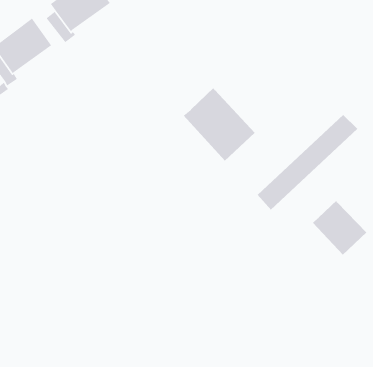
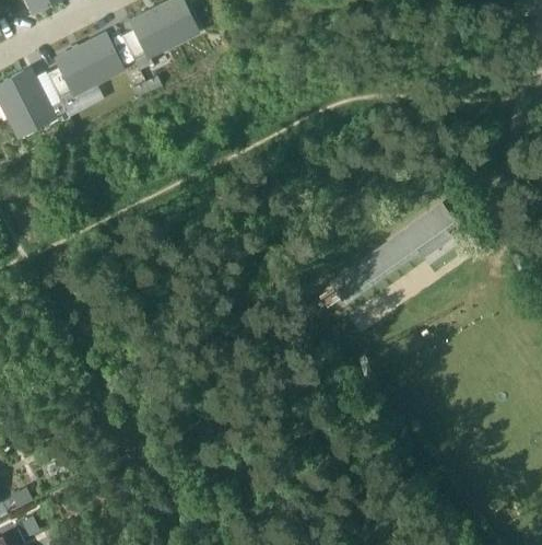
building: [183,88,256,162] -> none
building: [312,200,367,256] -> none

